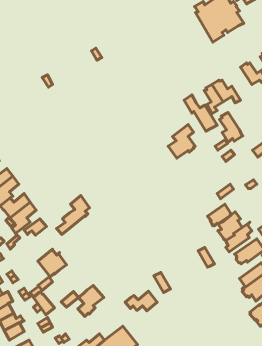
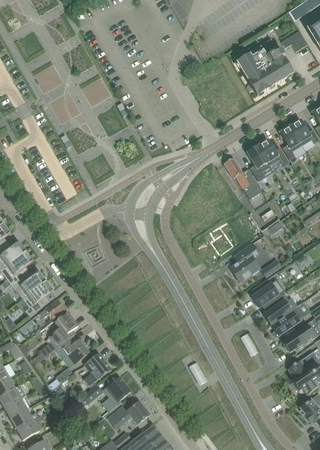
building: [220,113,243,142] -> [279,124,306,158]
building: [168,125,195,158] -> [229,242,260,281]
building: [57,196,89,235] -> [39,311,77,356]
building: none -> [84,352,111,385]
building: [125,291,157,311] -> [112,400,149,423]

